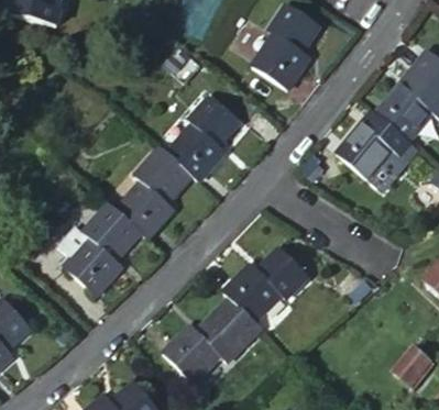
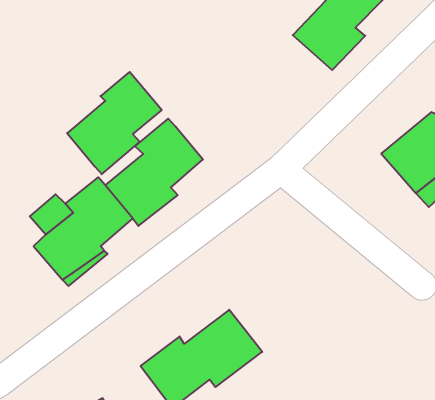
building: [165,95,240,181] -> [67,72,162,174]
building: [224,246,310,321] -> none

